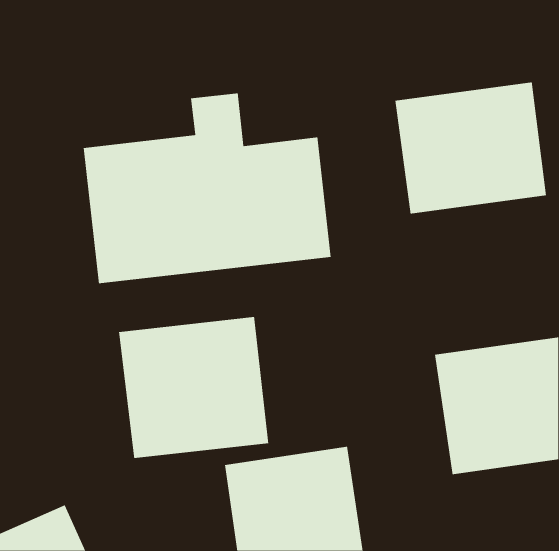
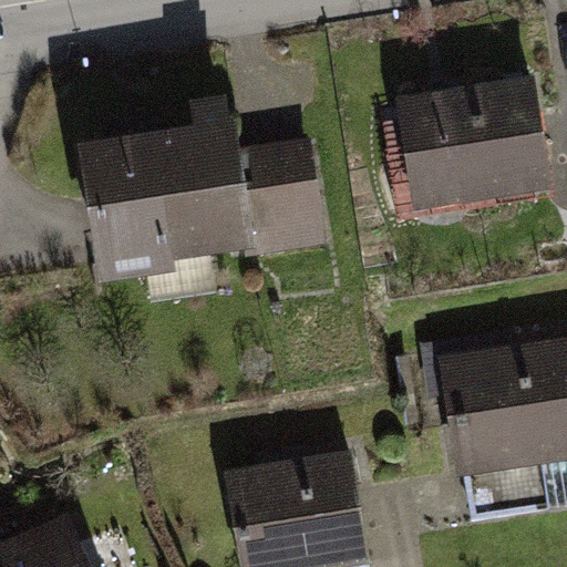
building: [118,316,269,459] -> none

